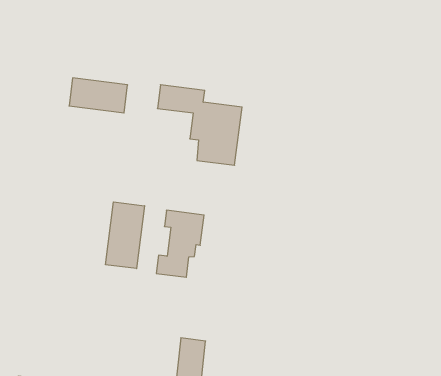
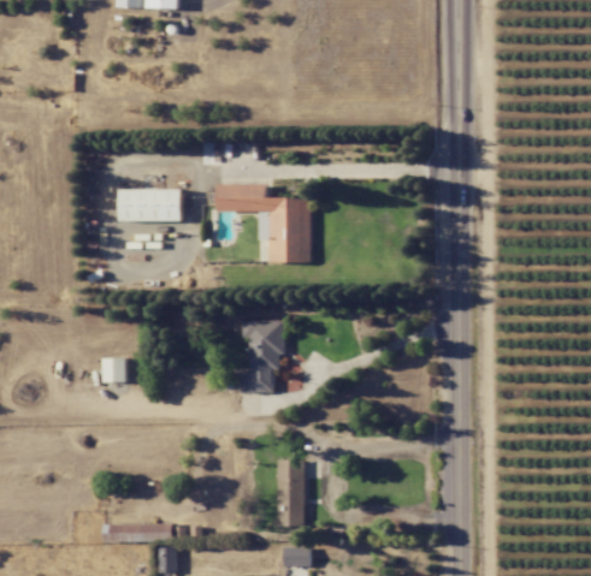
building: [106,202,145,269] -> none
building: none -> [102,357,126,382]

